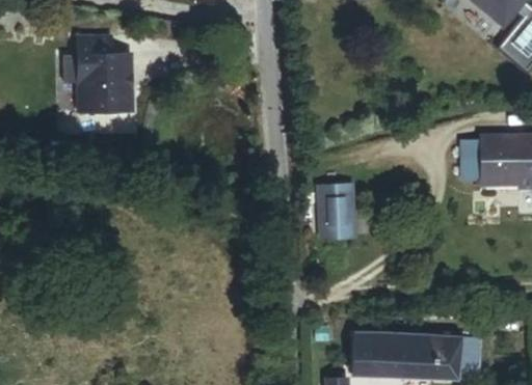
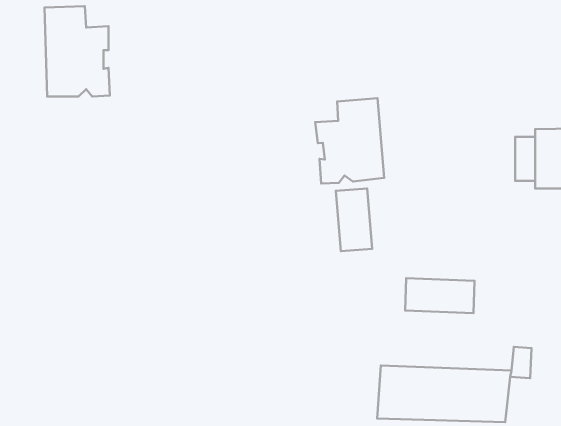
building: none -> [315,98,384,184]
building: none -> [405,278,474,313]

